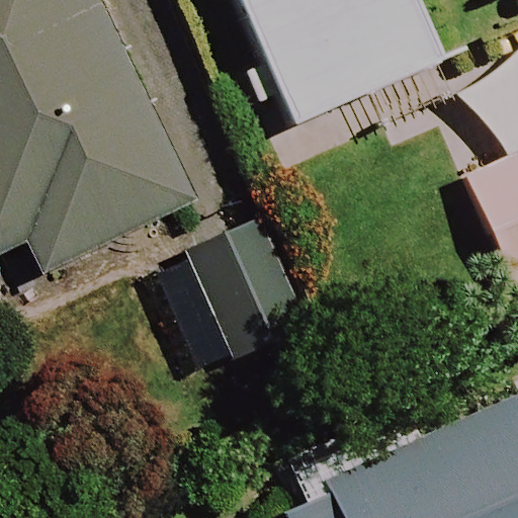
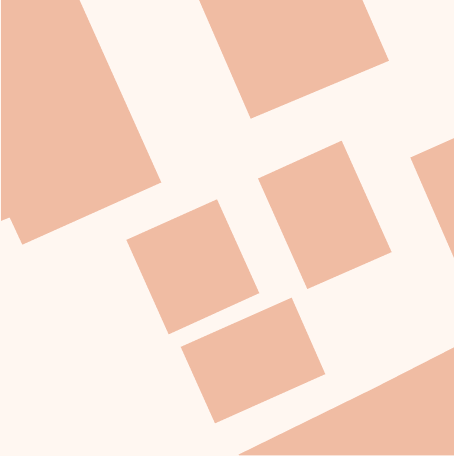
building: none -> [257,140,393,290]
building: none -> [180,297,326,425]

